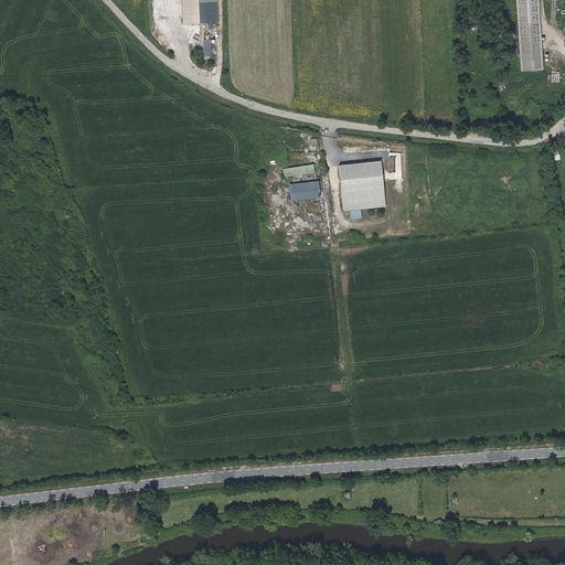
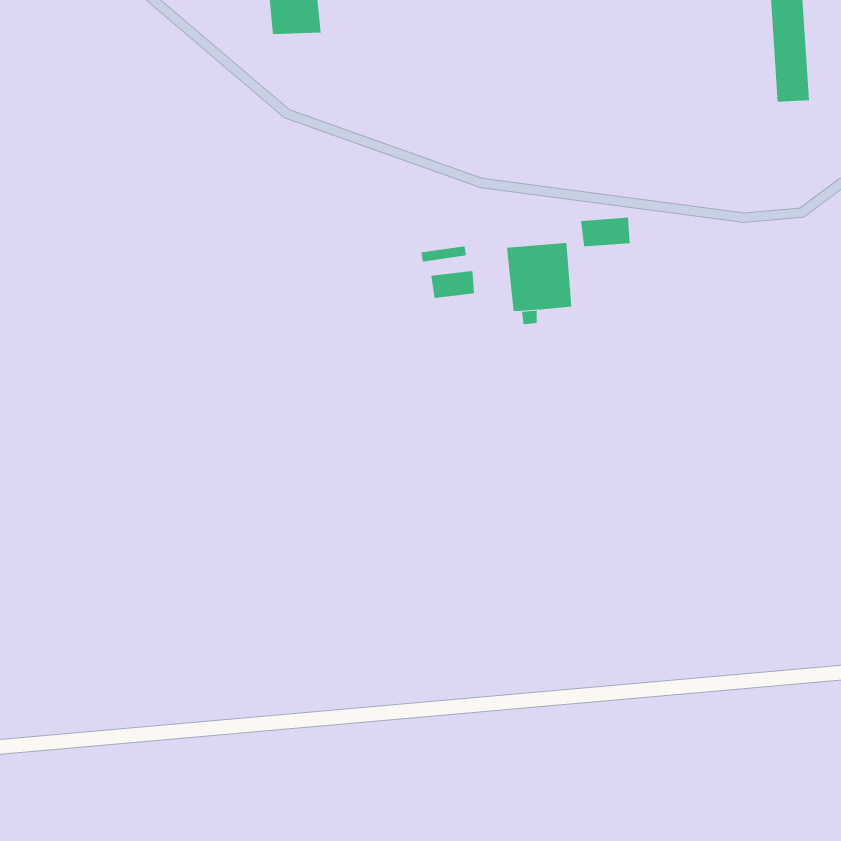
building: none -> [580,217,630,247]

